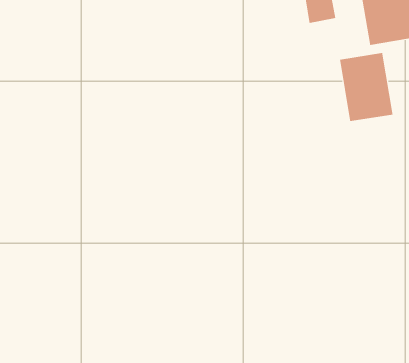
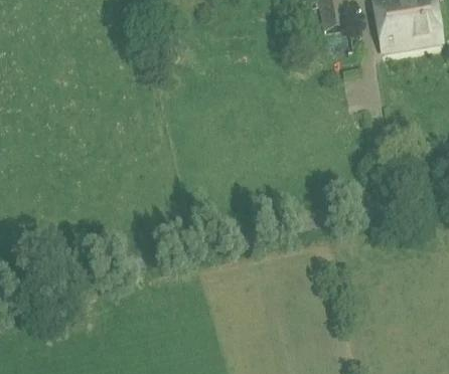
building: [339,52,393,122] -> none

